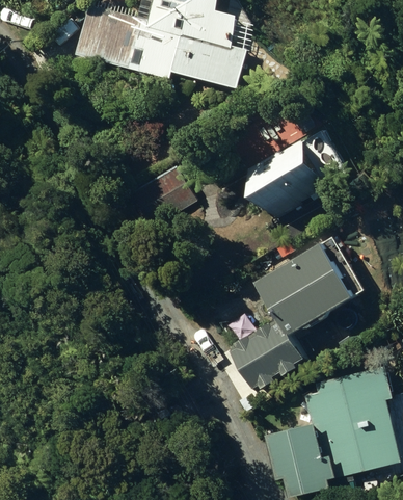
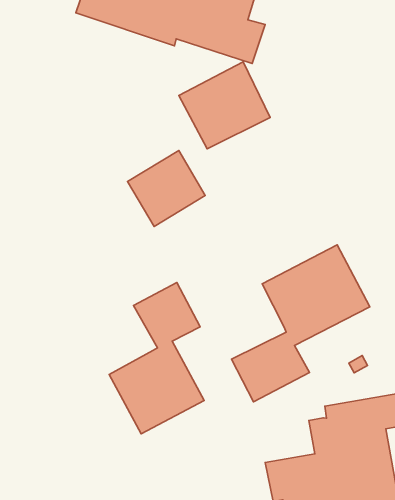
building: [245,142,327,221] -> [179,62,270,149]
building: none -> [109,282,204,434]

